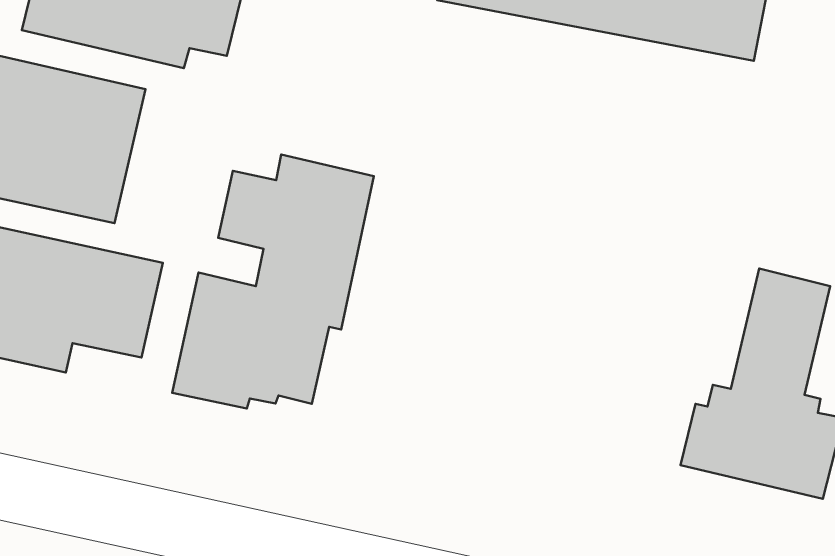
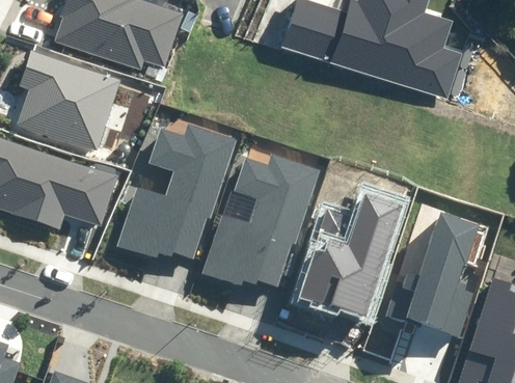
building: none -> [201,155,319,288]
building: none -> [298,190,403,316]

